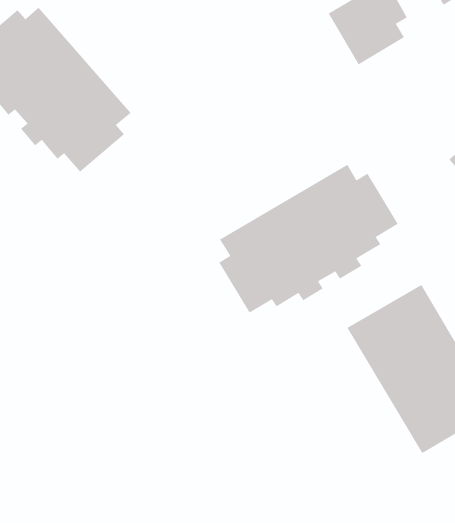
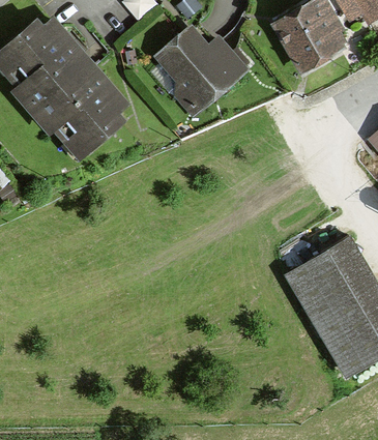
building: none -> [158,35,240,110]
building: [218,164,399,313] -> none

